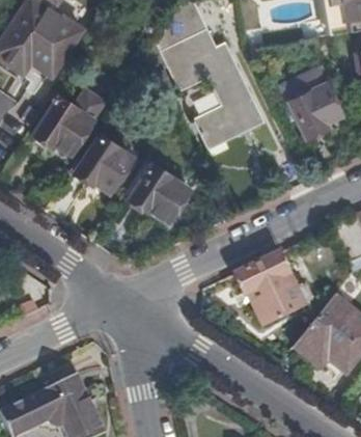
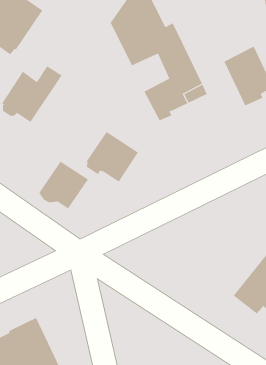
building: [77,135,133,189] -> [39,161,89,209]
building: [235,253,311,324] -> none

